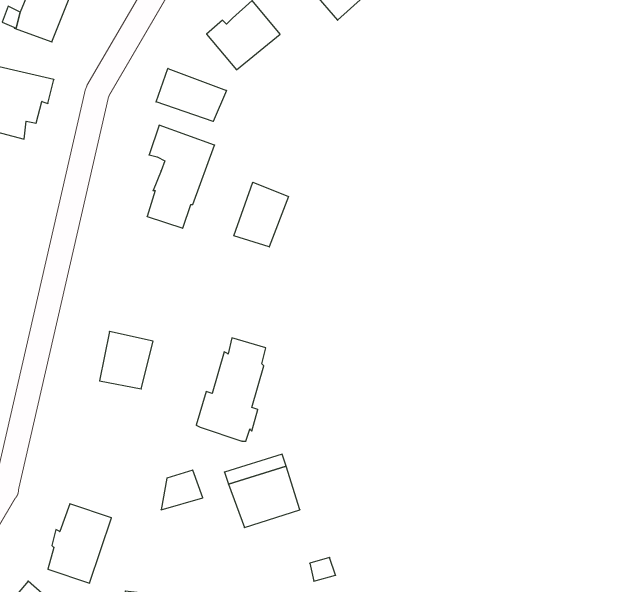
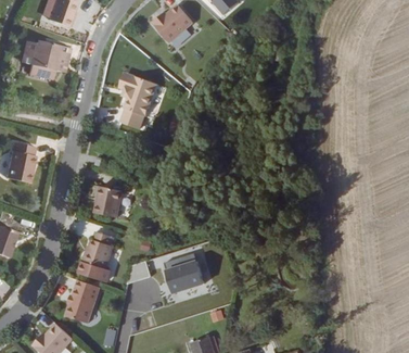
building: [156,68,226,121] -> none
building: [234,182,288,247] -> none
building: [196,338,266,441] -> [75,231,113,288]

